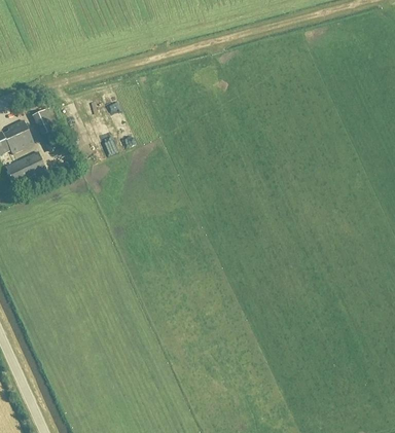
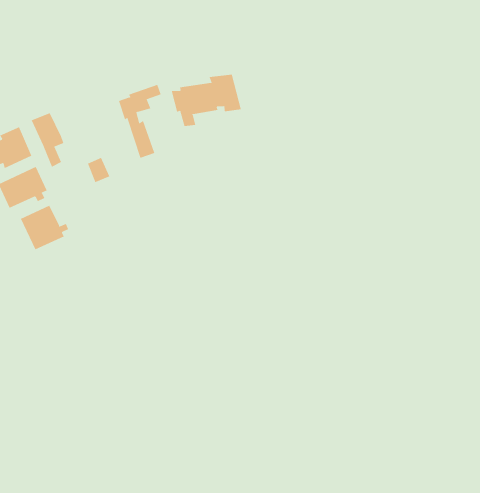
building: none -> [171,74,241,127]
building: none -> [20,205,69,250]

